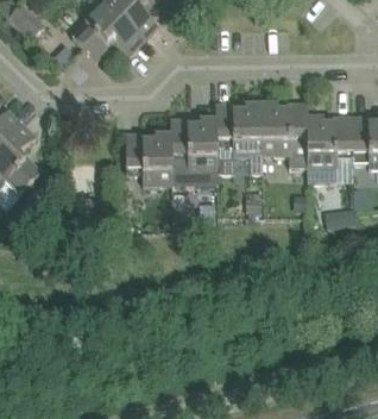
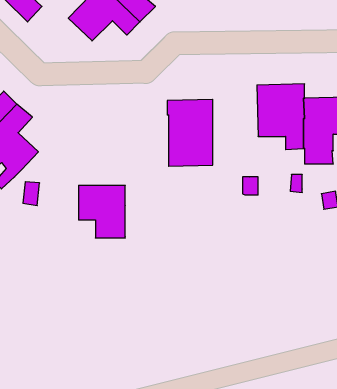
building: [215,104,262,174] -> none
building: [125,133,171,186] -> [79,185,125,238]

